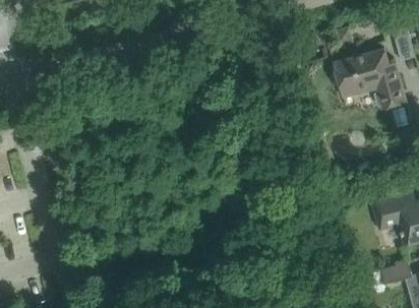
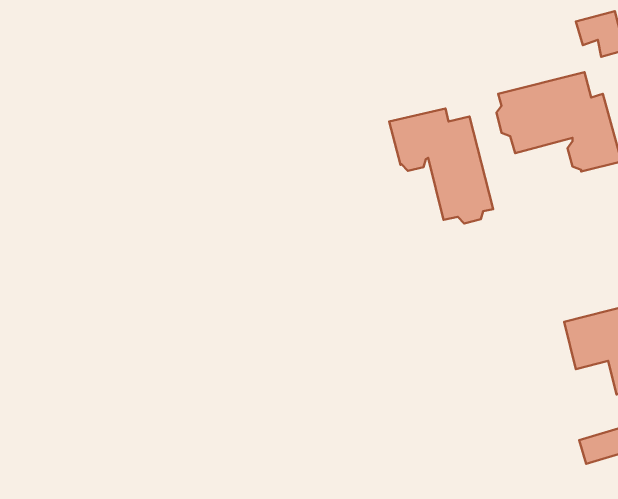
building: none -> [389,109,493,223]

